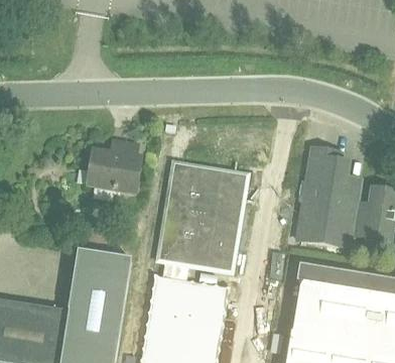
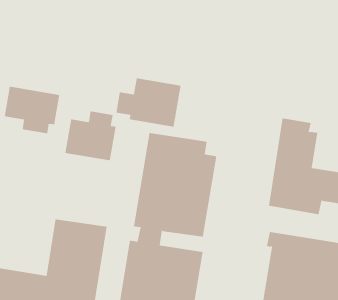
building: none -> [116,78,181,127]
building: none -> [4,86,60,134]

